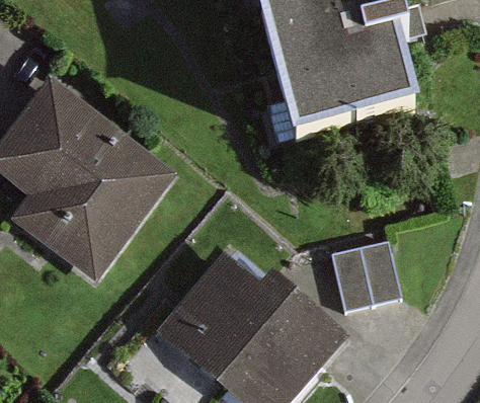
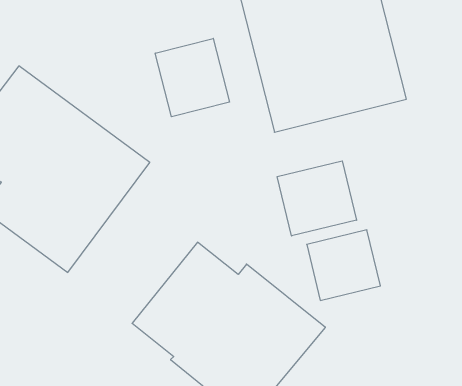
building: none -> [155,38,229,117]
building: none -> [277,161,357,236]

